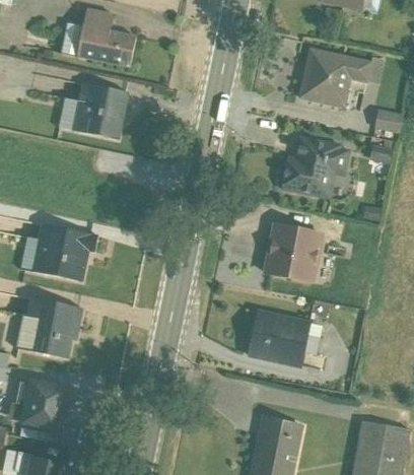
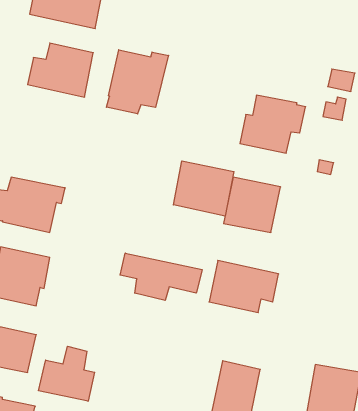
building: [299,50,384,107] -> none
building: none -> [106,50,169,114]
building: none -> [173,161,234,216]
building: none -> [120,253,202,300]
building: none -> [39,346,95,401]

